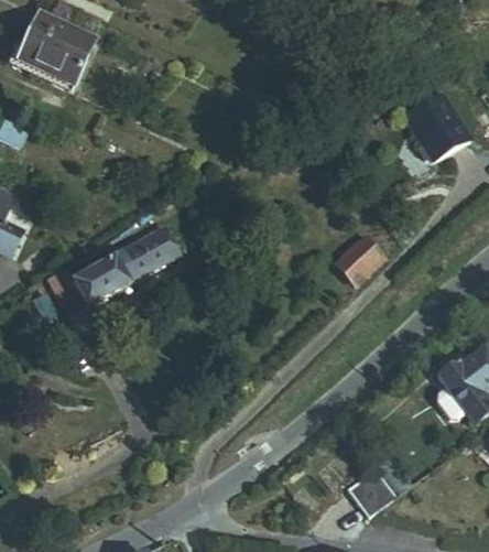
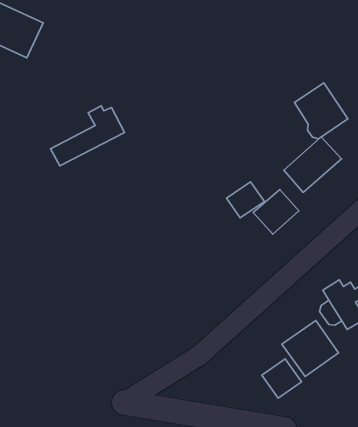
building: none -> [284,137,341,193]
building: [64,220,159,297] -> [50,106,124,166]
building: none -> [282,320,338,377]

